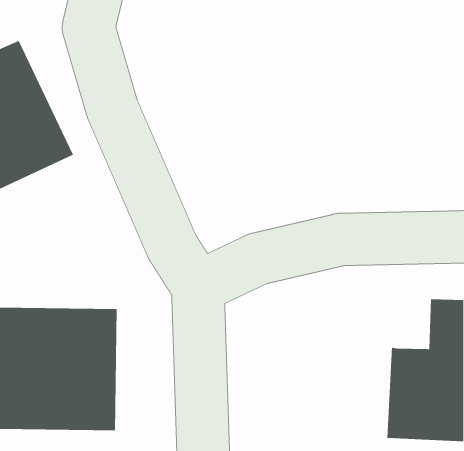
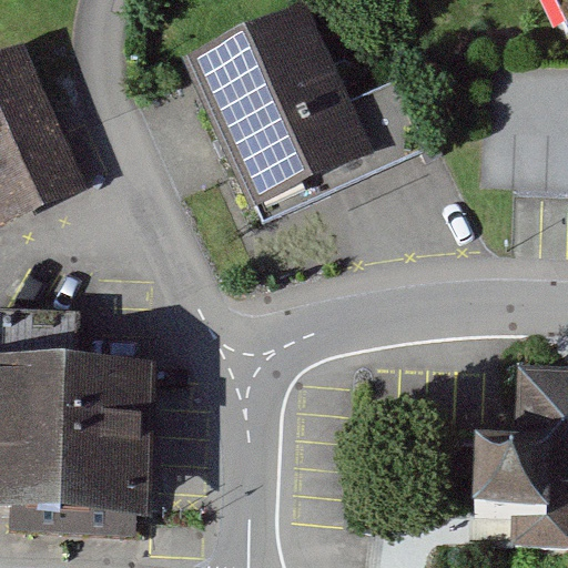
building: none -> [194,11,425,216]

